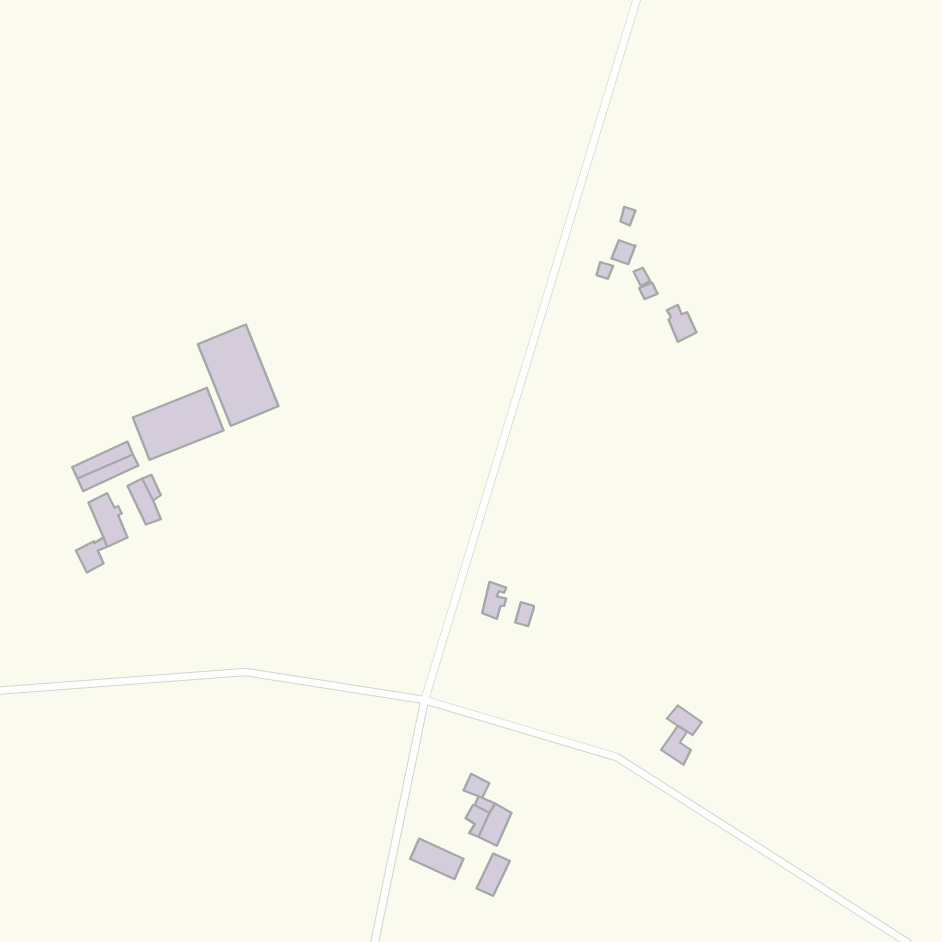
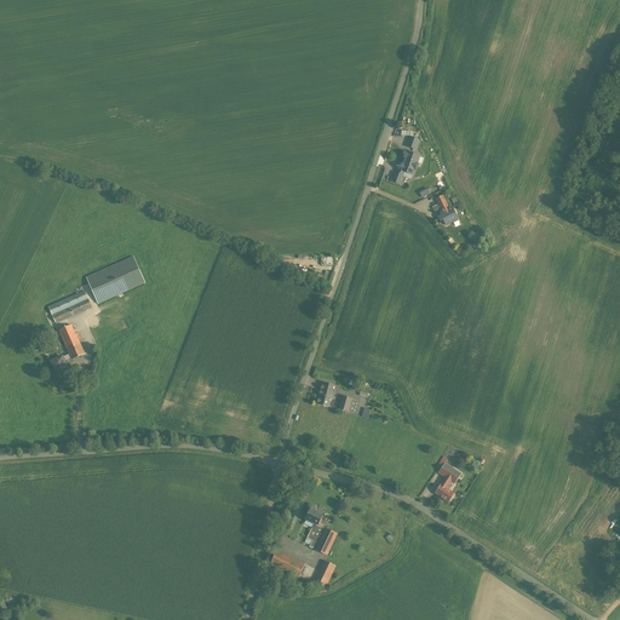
building: [198,325,278,426] -> none

